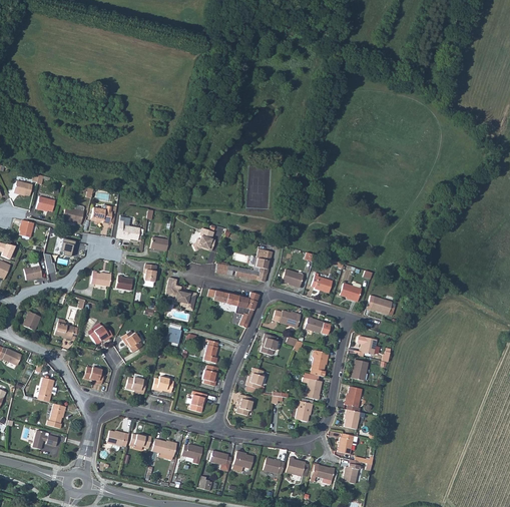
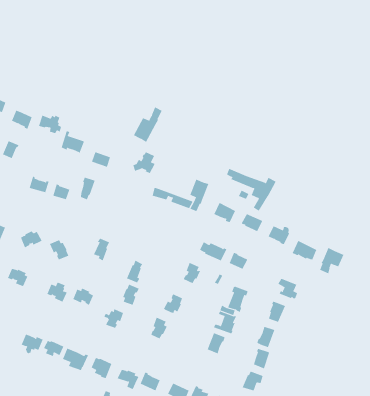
building: none -> [133,106,163,143]
building: [165,278,196,308] -> none
building: [207,289,260,328] -> [226,168,277,211]
building: none -> [319,247,344,274]

